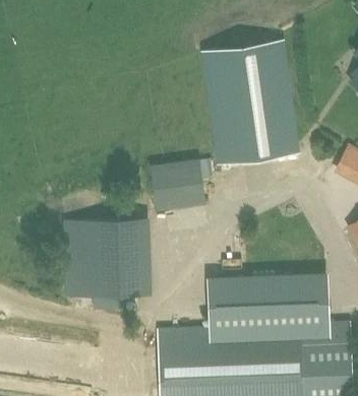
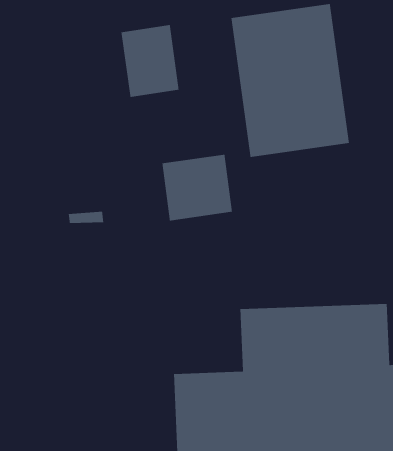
building: none -> [121,24,180,98]
building: [61,218,151,296] -> none

